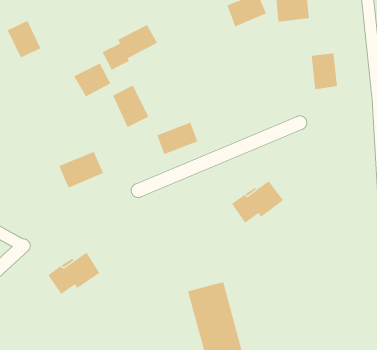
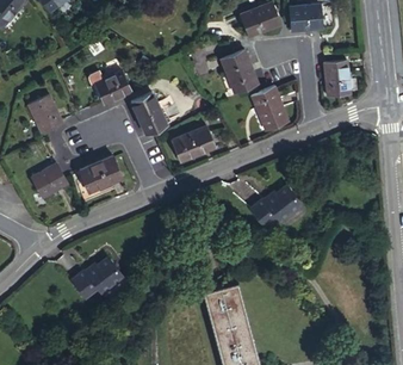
building: [7,20,41,58] -> [29,98,62,135]
building: [102,24,158,70] -> none
building: none -> [221,50,259,92]
building: none -> [252,87,287,130]
building: none -> [30,163,67,197]

